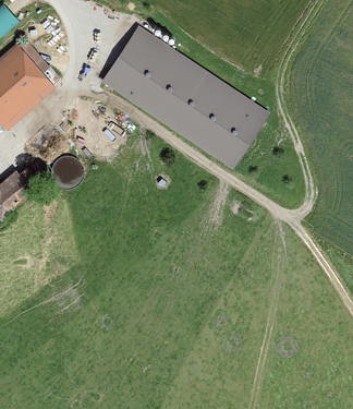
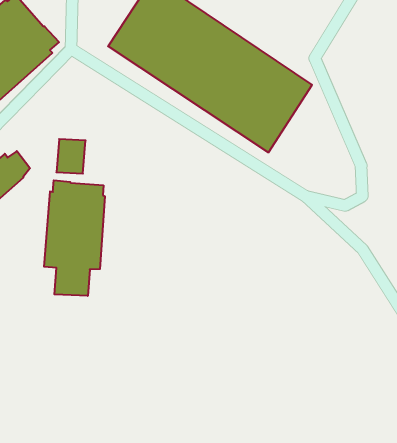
building: none -> [44,180,105,296]

